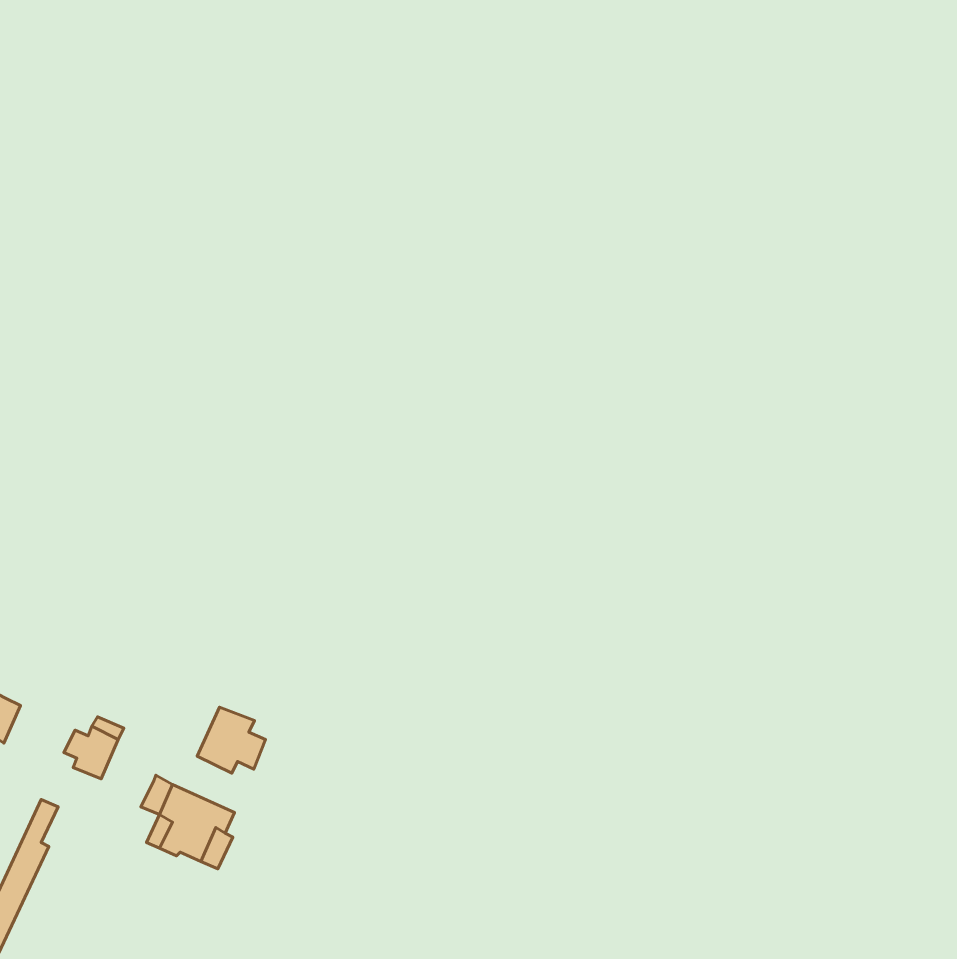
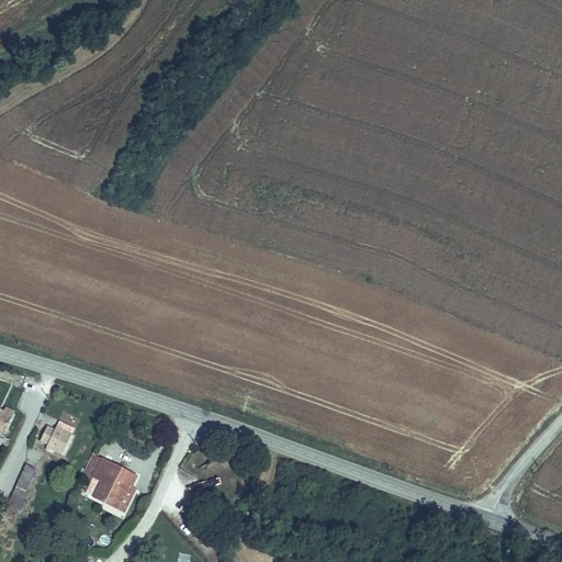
building: [197,707,265,773] -> none

